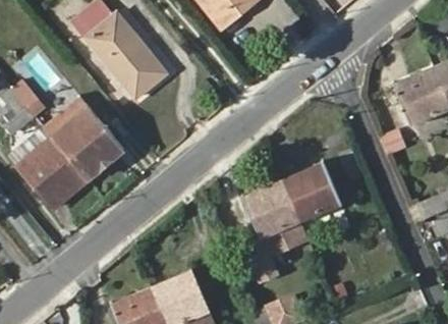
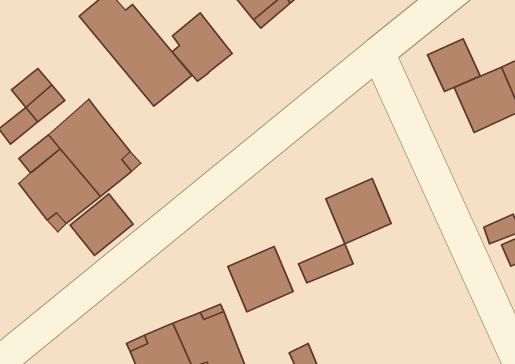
building: none -> [172,13,232,81]
building: none -> [428,39,480,92]
building: none -> [70,194,133,256]
building: [243,179,299,235] -> [228,246,293,312]

